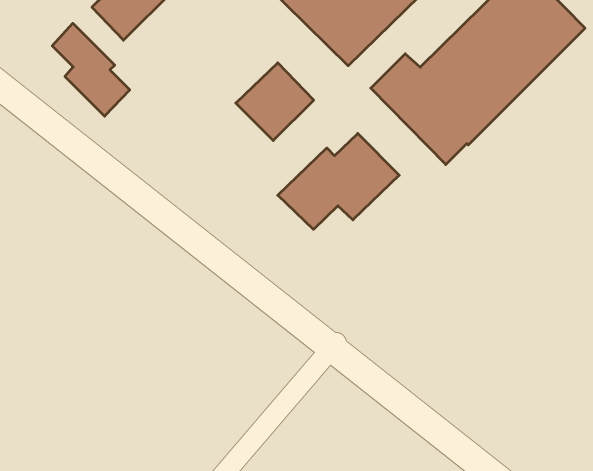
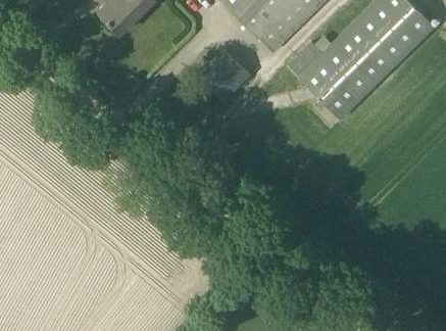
building: [52,23,130,116] -> none
building: [278,133,399,229] -> none

